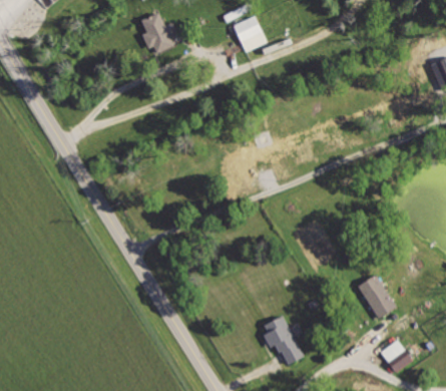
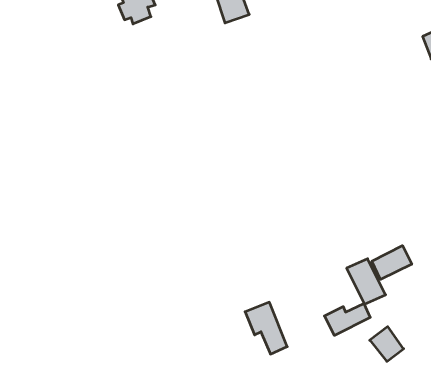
building: none -> [372,246,412,279]
building: none -> [324,303,370,335]

